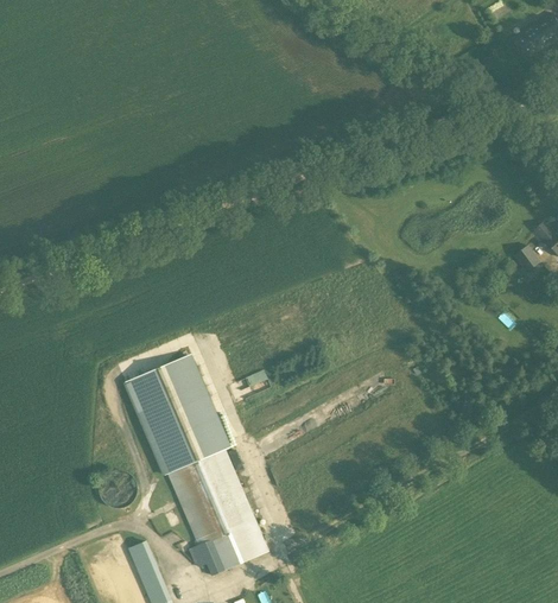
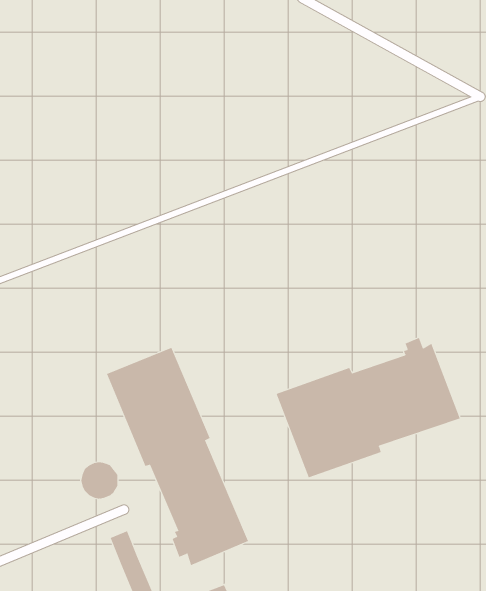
building: none -> [276,337,460,478]

